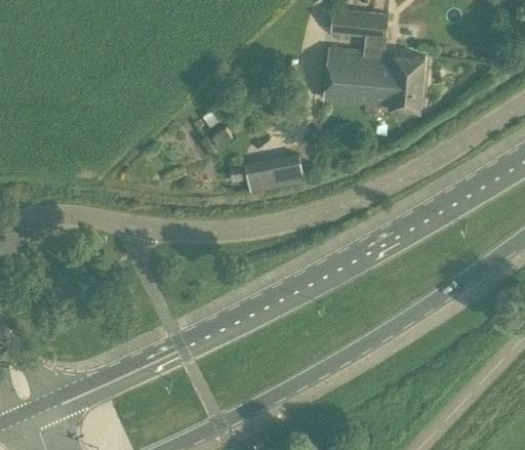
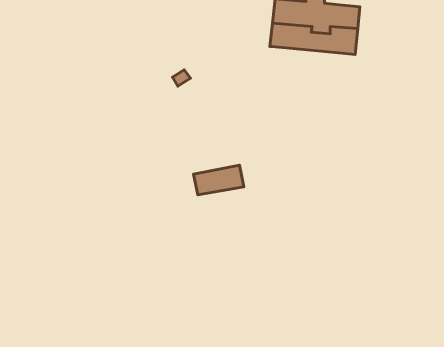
building: [244,156,301,190] -> [193,165,244,195]

